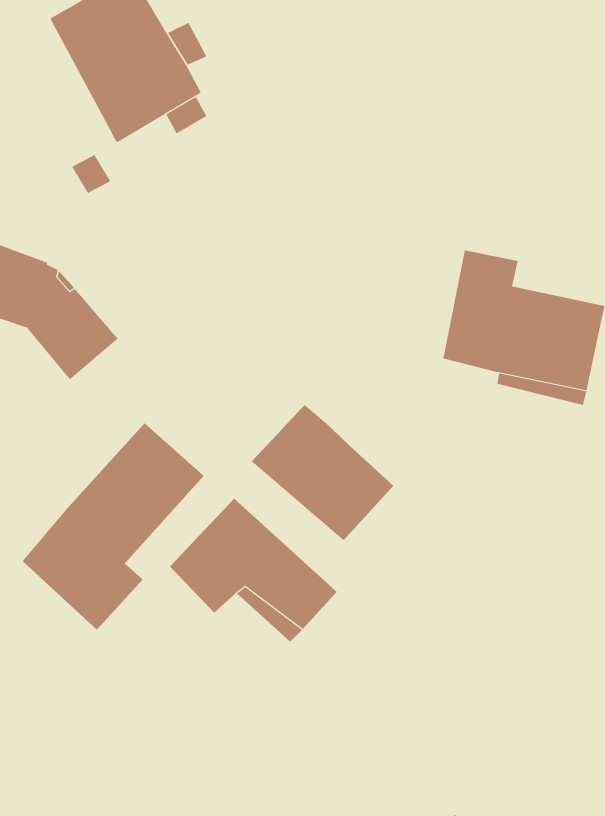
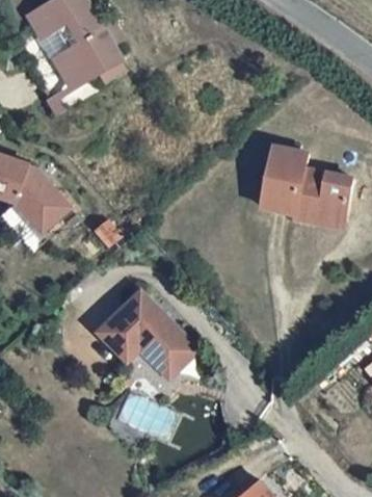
building: [251,404,394,541] -> none
building: [22,423,204,630] -> none

